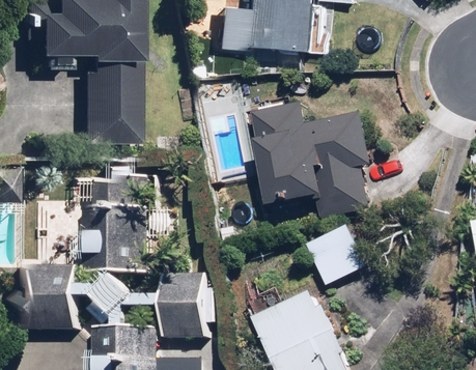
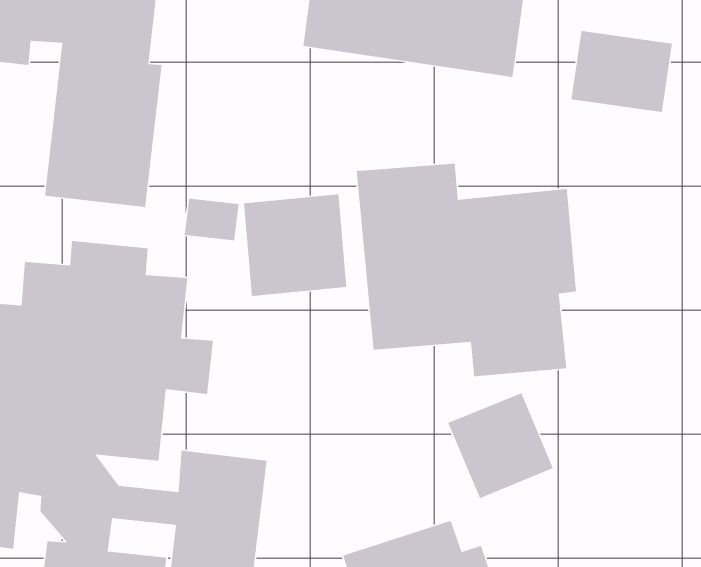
building: none -> [570,30,673,113]
building: none -> [243,194,347,297]

